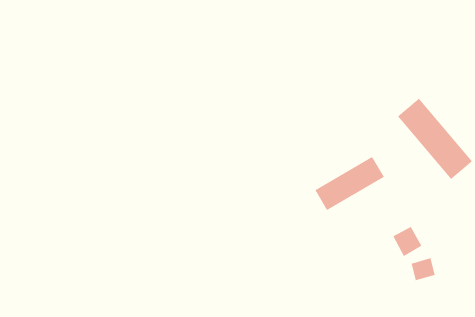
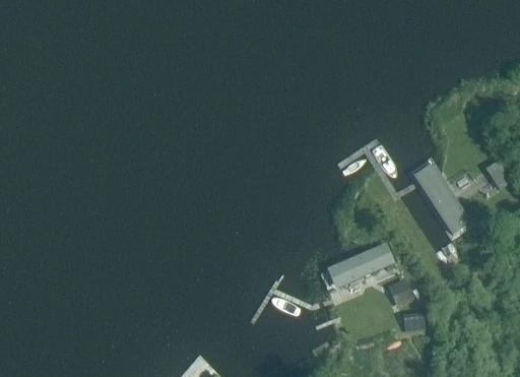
building: [314,156,385,211] -> [326,242,395,289]

